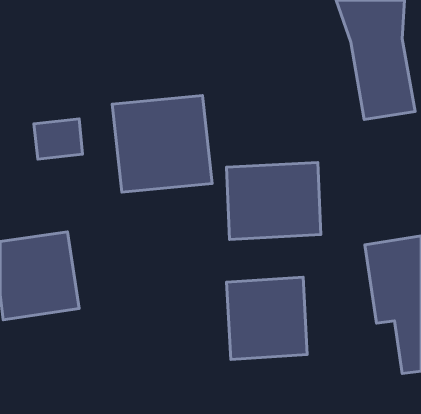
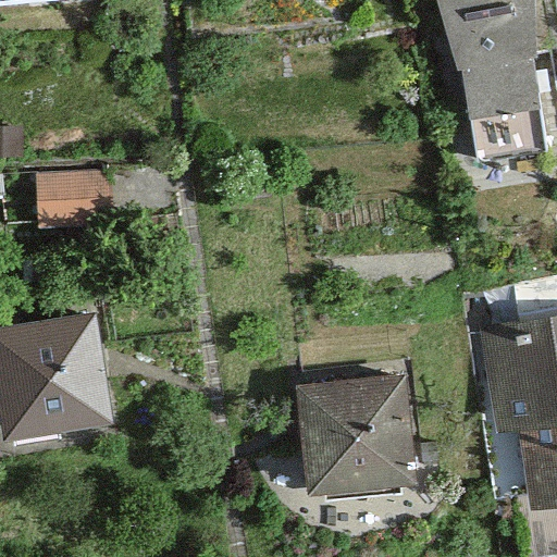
building: [112,95,212,192] -> none
building: [227,162,321,240] -> none

